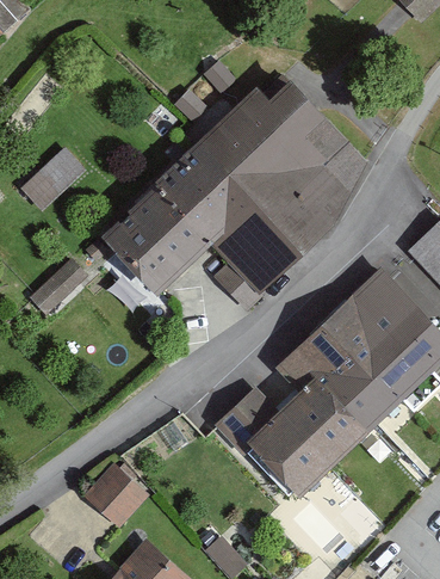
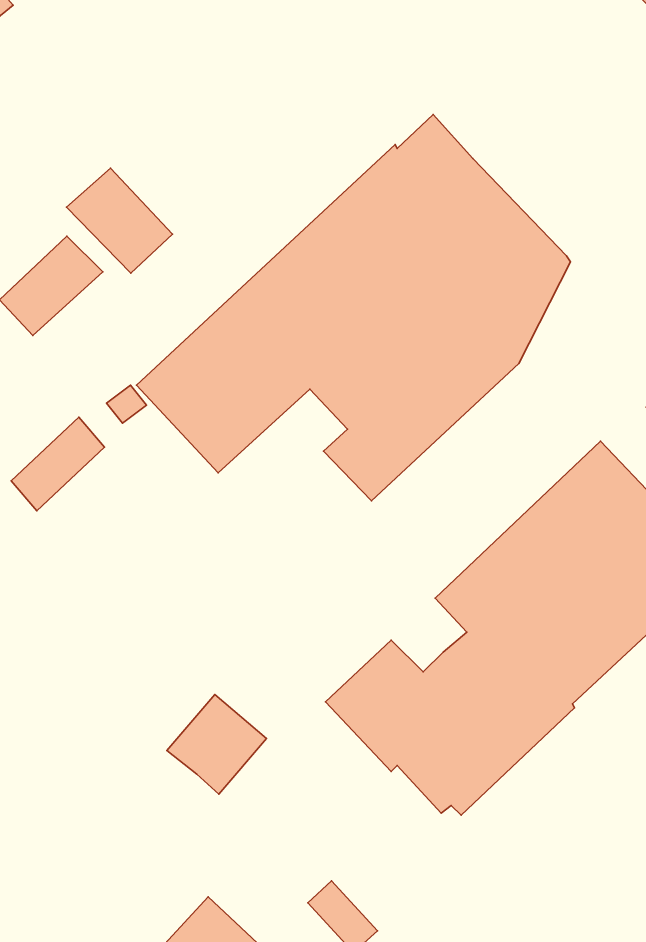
building: none -> [67,168,172,273]
building: [83,463,143,523] -> [167,695,266,794]

